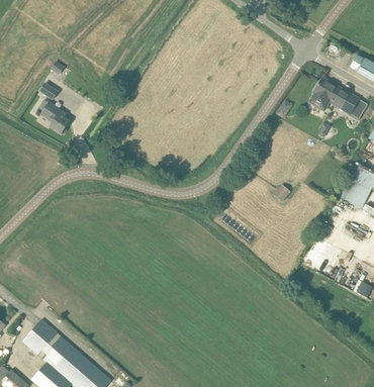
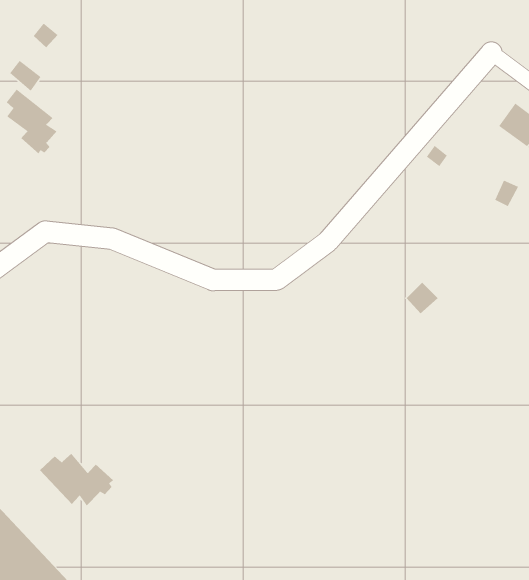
building: none -> [39,453,114,506]

